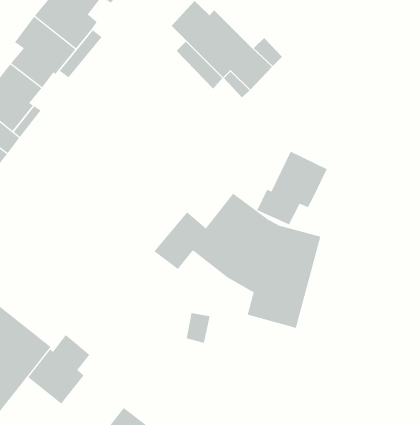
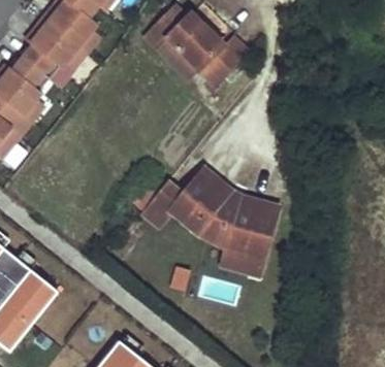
building: [257,151,328,225] -> none
building: [27,334,90,404] -> none

